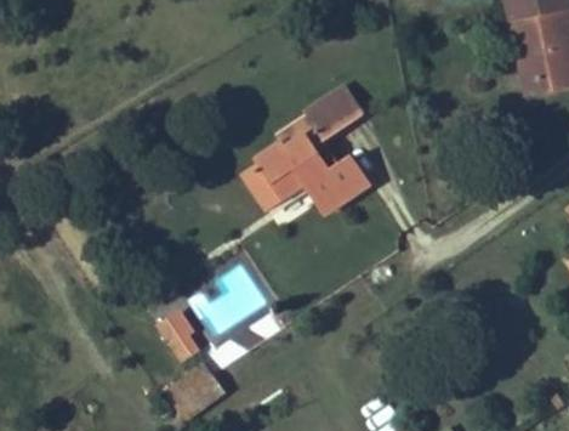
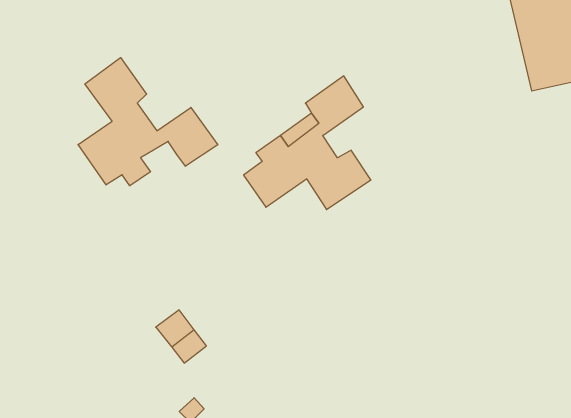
building: none -> [78,58,218,186]

